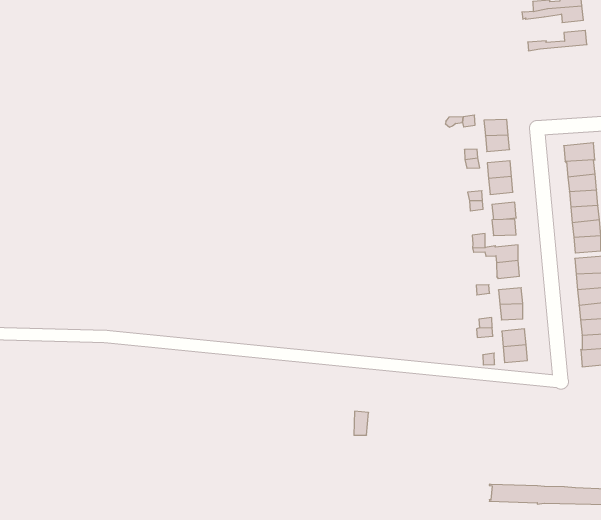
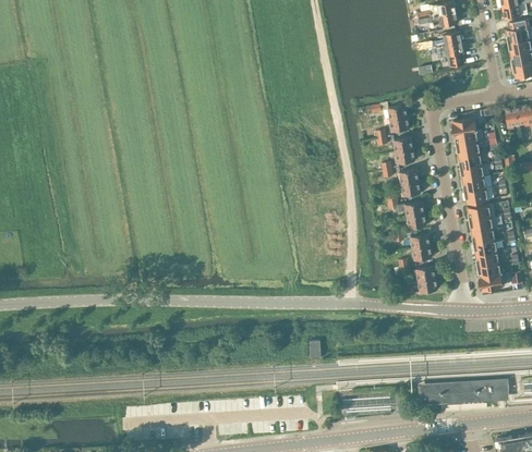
building: none -> [426,42,463,68]

